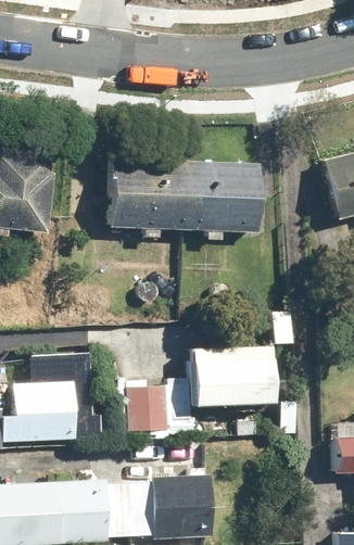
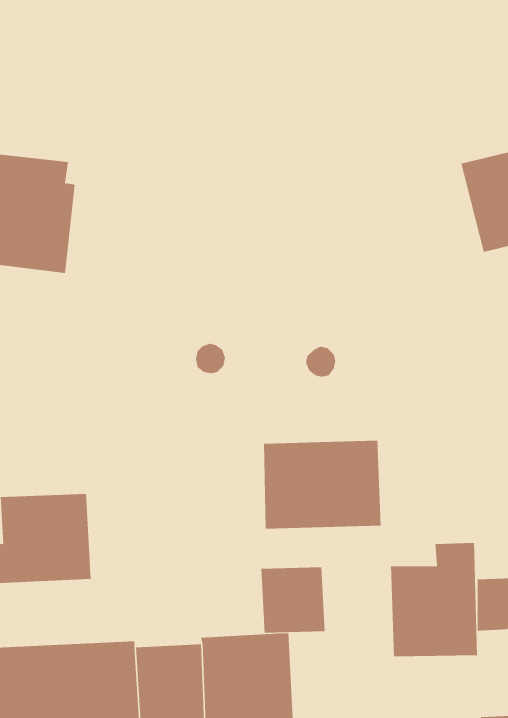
building: [116,162,270,241] -> none
building: [126,385,169,430] -> [261,567,325,633]
building: none -> [390,542,478,657]

